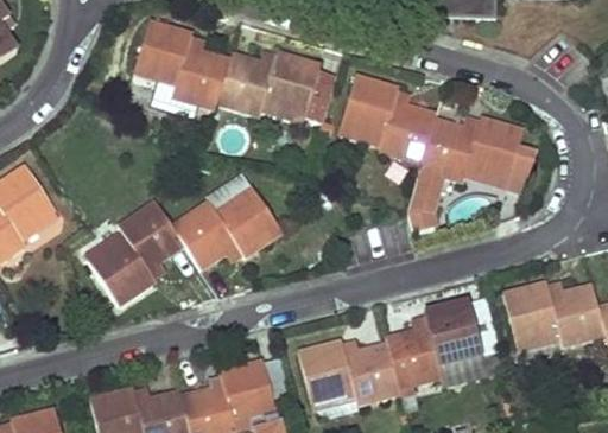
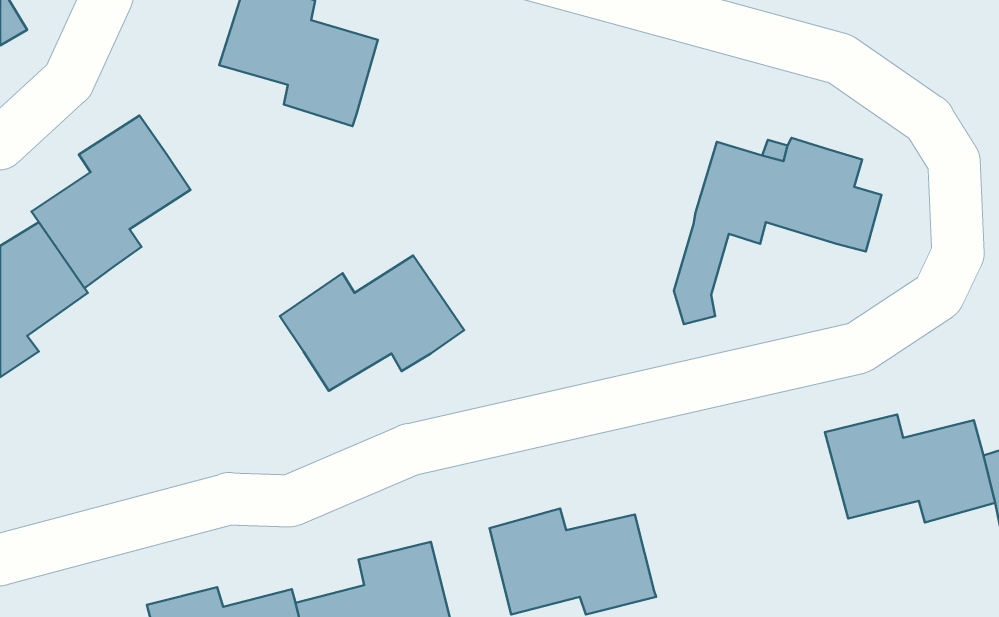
building: [217,51,321,116] -> none
building: [341,74,438,161] -> none
building: [89,200,185,305] -> [32,115,190,288]
building: [385,303,480,390] -> none

